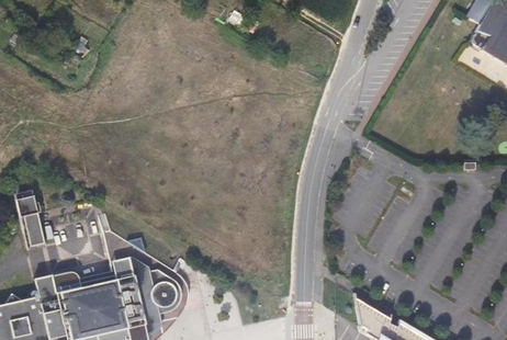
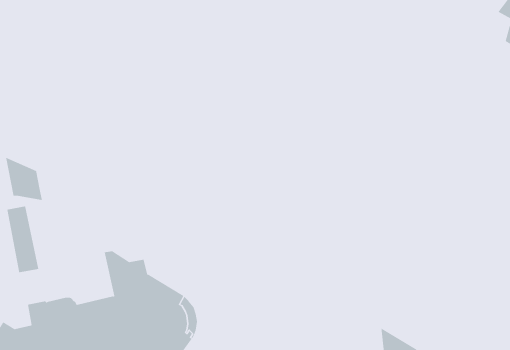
building: none -> [5,157,42,201]

